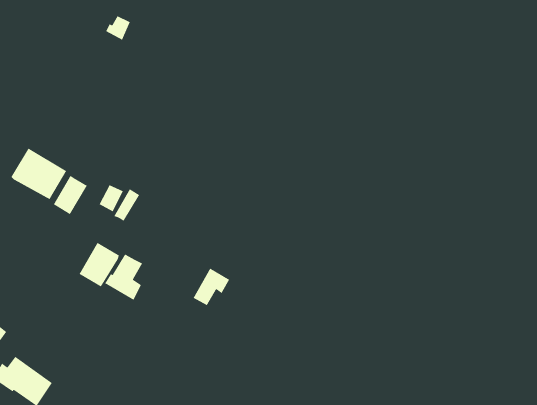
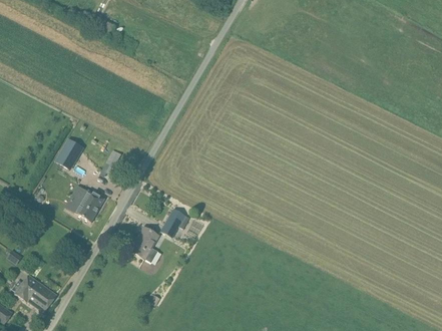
building: [11,147,67,200] -> none
building: [104,253,143,301] -> [129,226,158,262]

